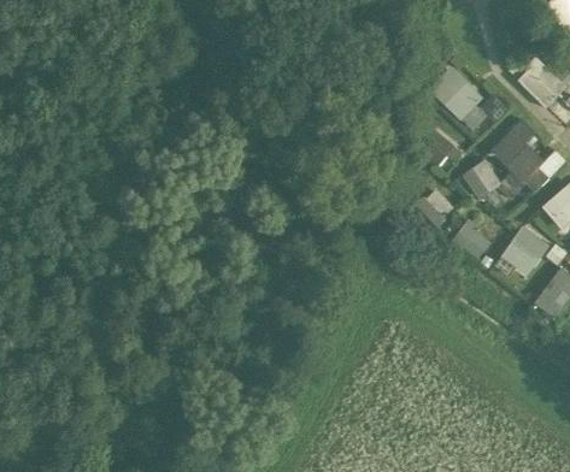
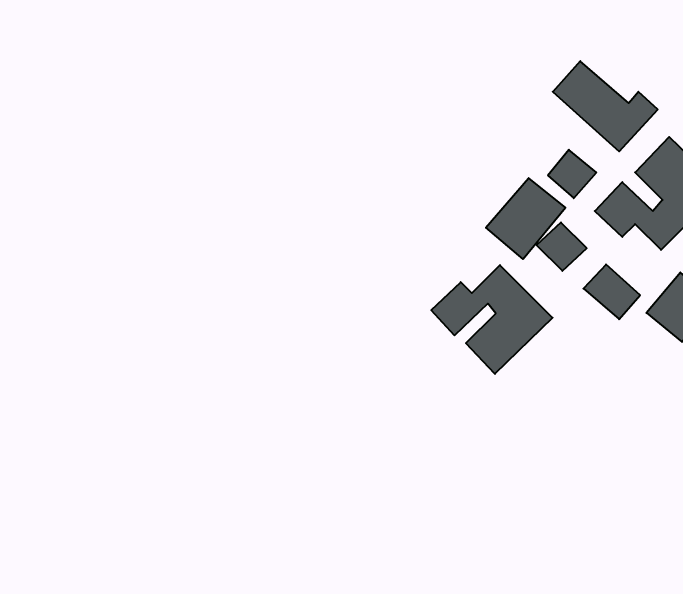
building: none -> [486,178,565,259]
building: none -> [431,265,553,374]

